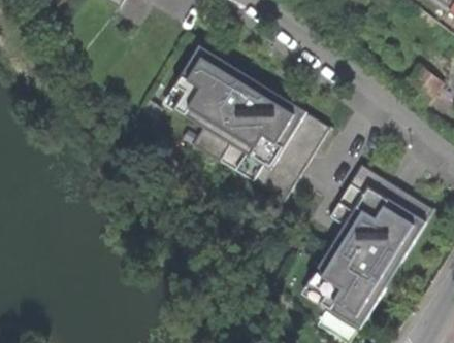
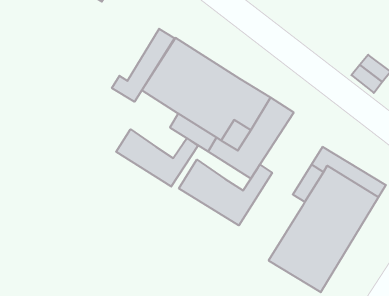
building: none -> [112,29,174,102]
building: none -> [116,129,198,187]
building: none -> [179,160,272,225]

